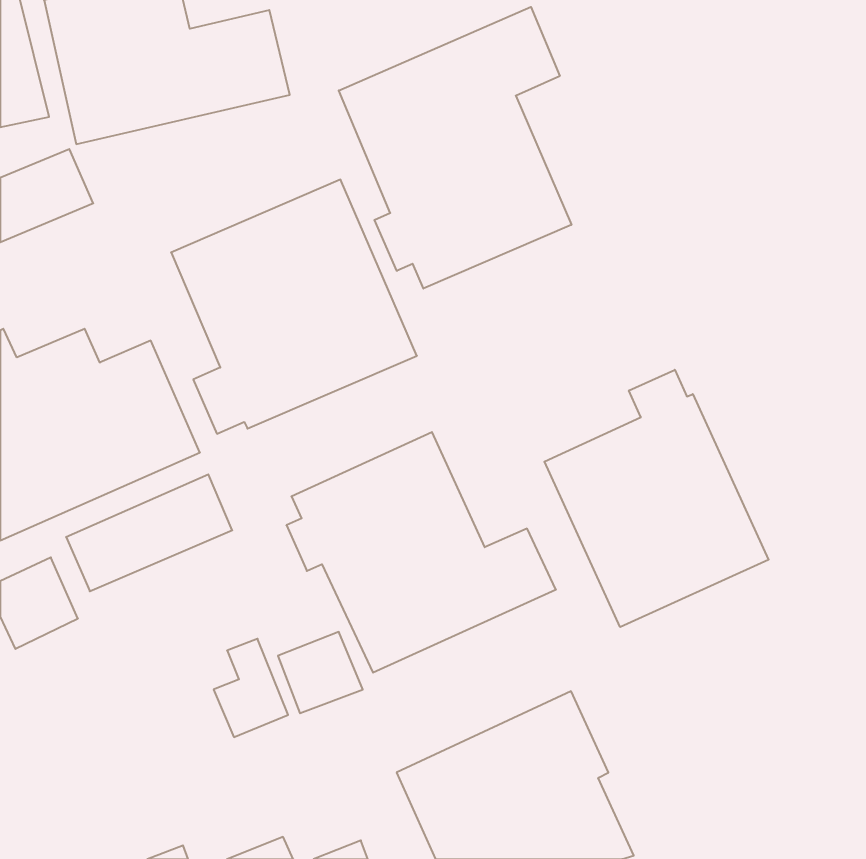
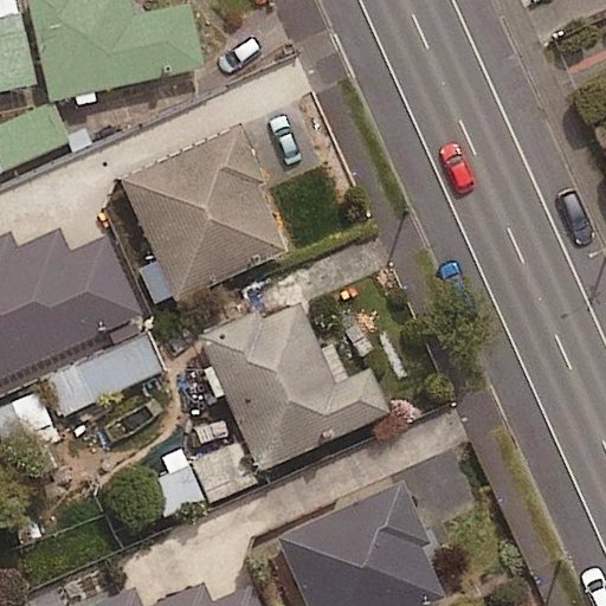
building: [339,7,571,289] -> none
building: [544,370,769,627] -> none

